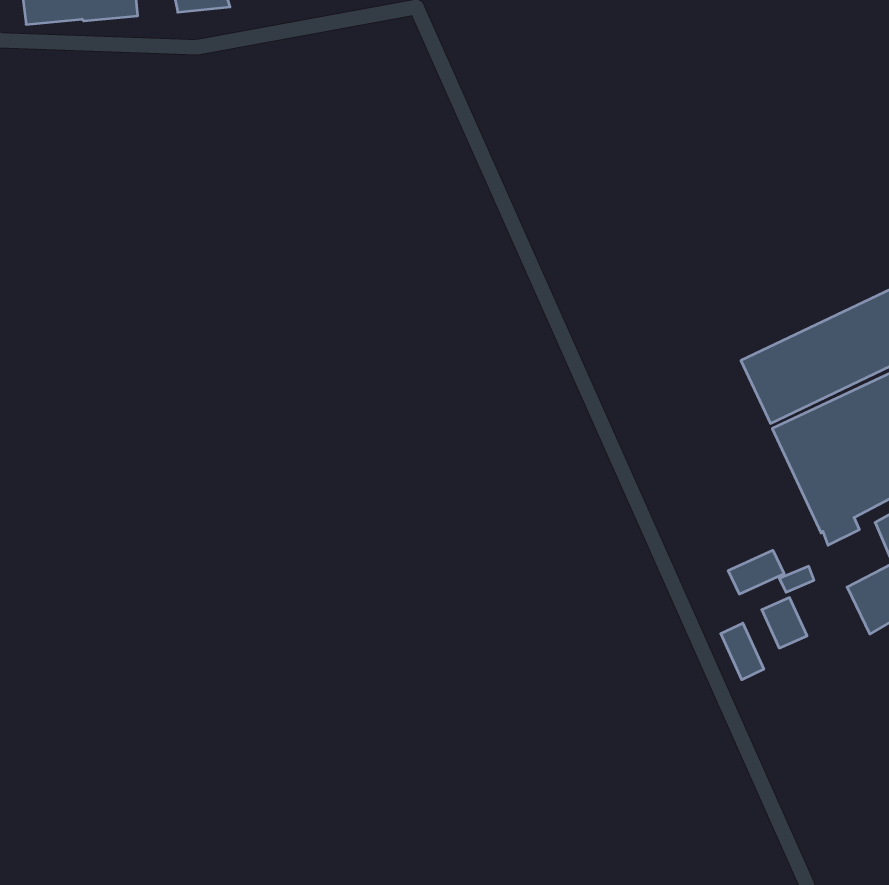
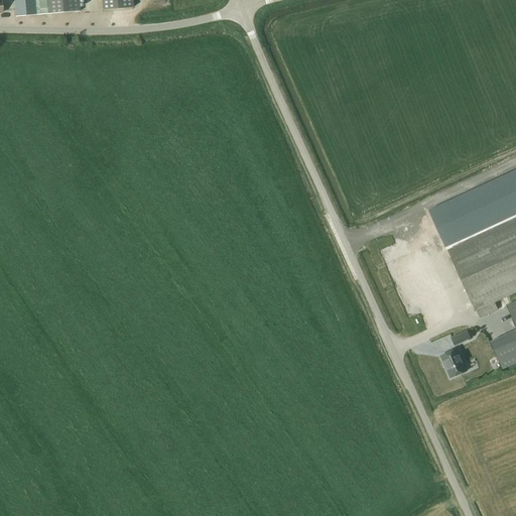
building: [728,550,784,594] -> none
building: [721,623,764,680] -> none

